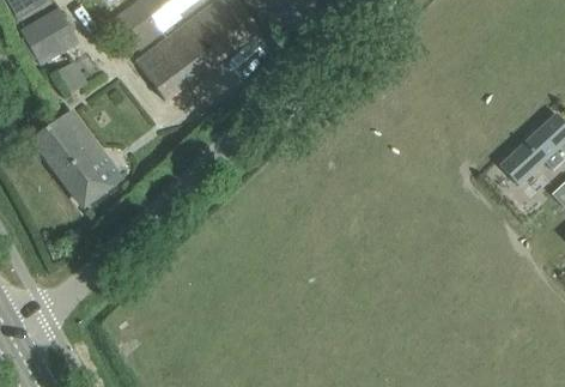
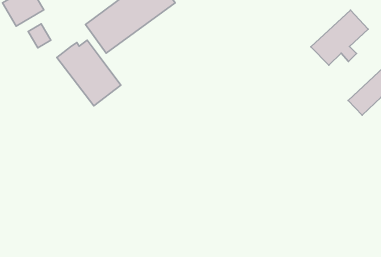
building: none -> [311,10,368,65]
building: [32,115,121,206] -> [57,40,121,106]

